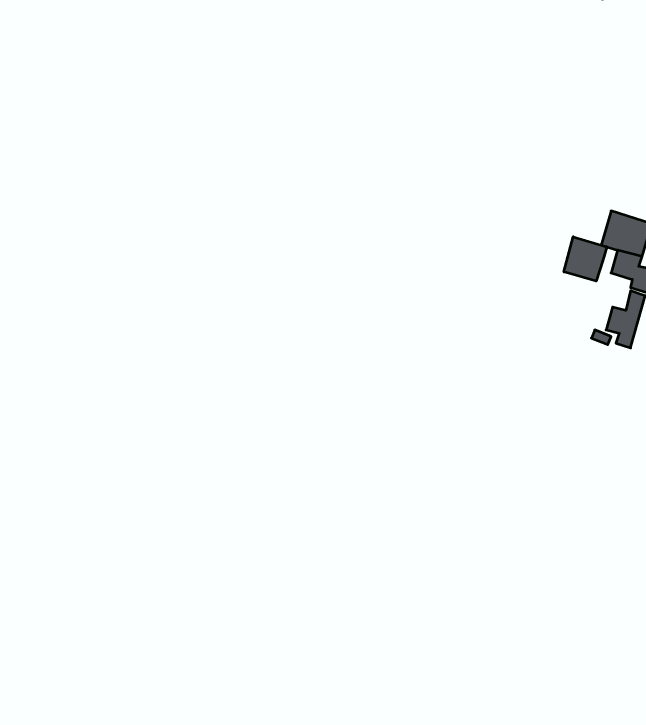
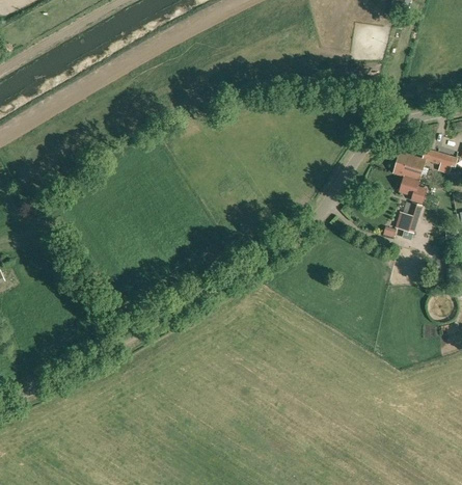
building: [564,237,607,281] -> none

